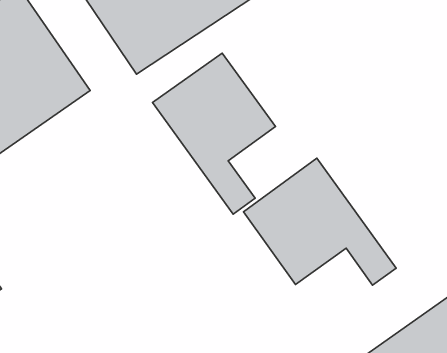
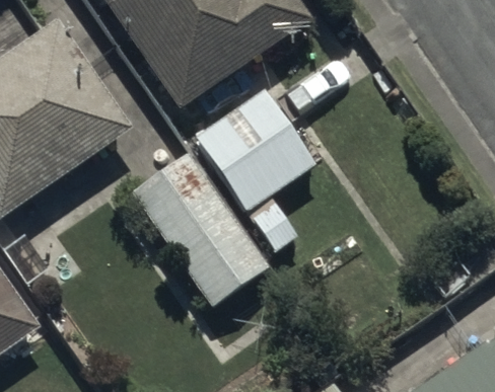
building: none -> [131,151,269,307]
building: [244,158,396,285] -> none

